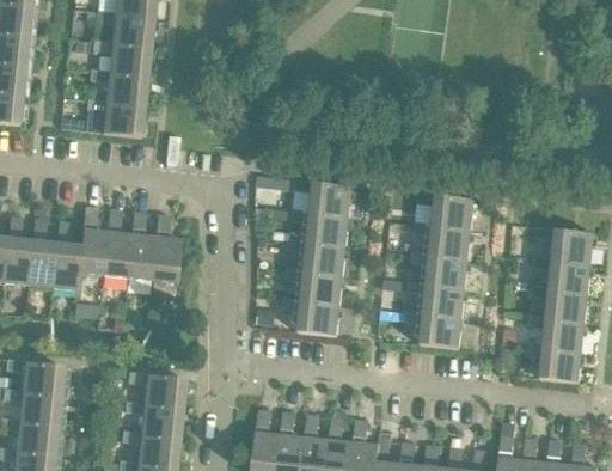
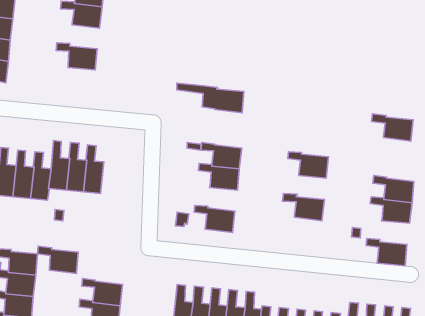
building: [75,39,149,78] -> none
building: [86,99,143,137] -> none
building: [257,176,351,218] -> [177,83,244,113]
building: [416,192,475,230] -> none
building: [151,215,179,283] -> none
building: [536,226,594,264] -> [372,114,413,141]
building: [410,251,467,289] -> none
building: [286,268,343,306] -> none
building: [380,310,461,349] -> none
building: [527,314,585,353] -> none
building: [127,371,184,409] -> [37,246,78,273]

